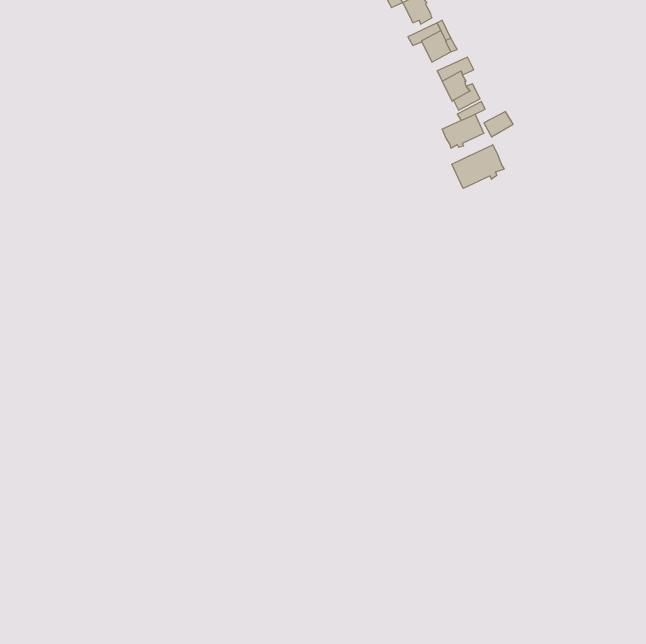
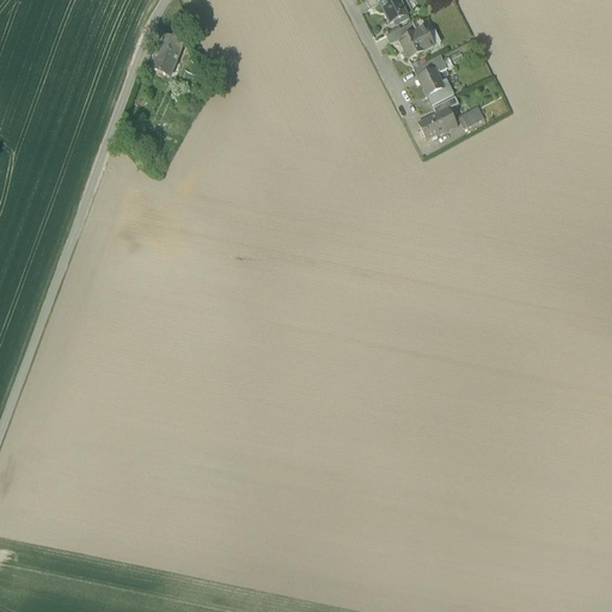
building: none -> [151,35,184,75]
building: [452,145,504,188] -> none

